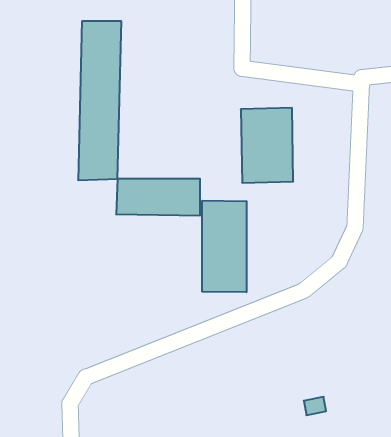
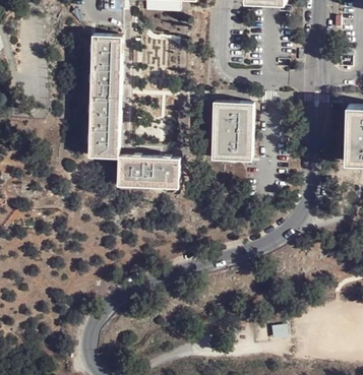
building: [202,201,246,292] -> none

